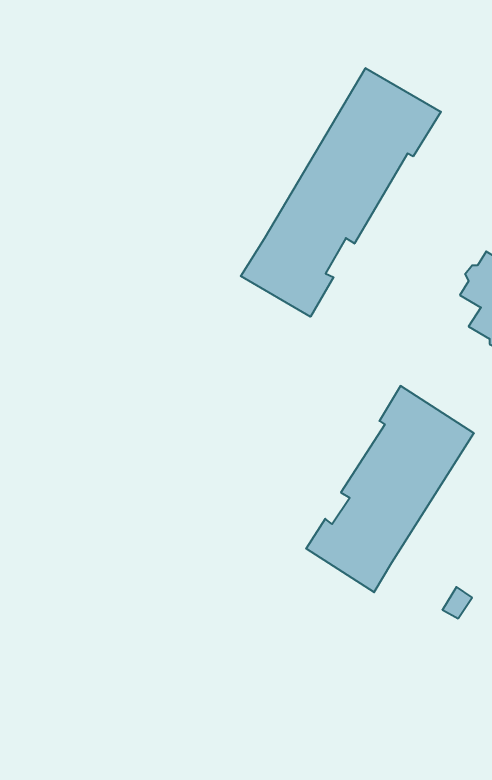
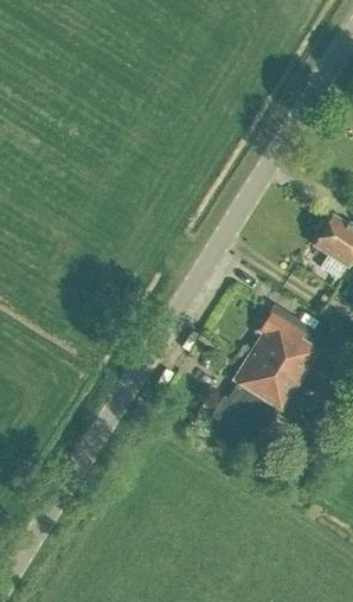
building: [241,68,441,317] -> none

